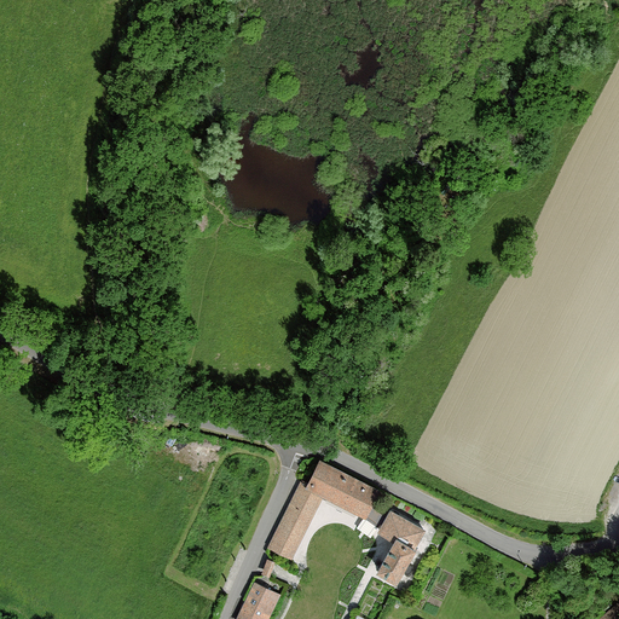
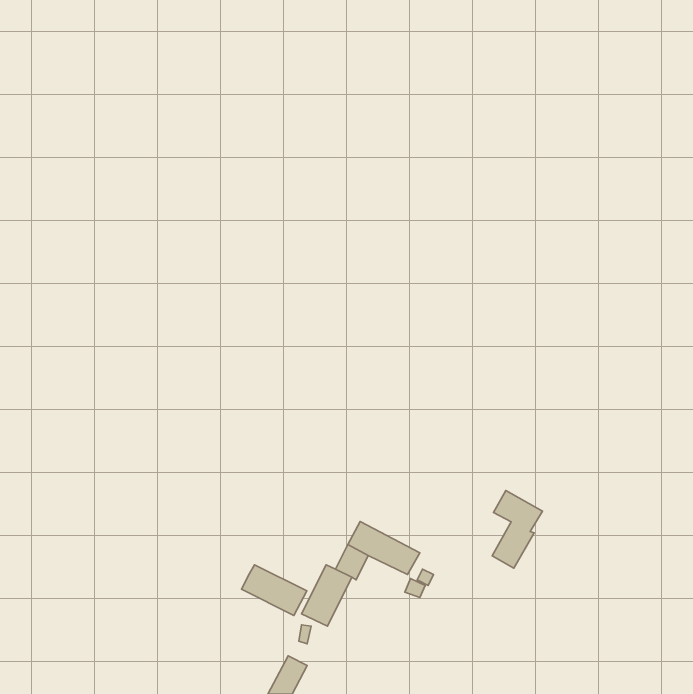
building: none -> [242,565,307,615]
building: [378,511,423,580] -> [492,491,542,568]

